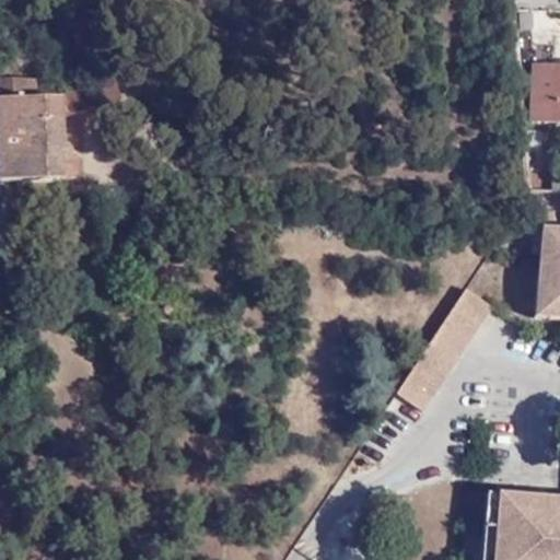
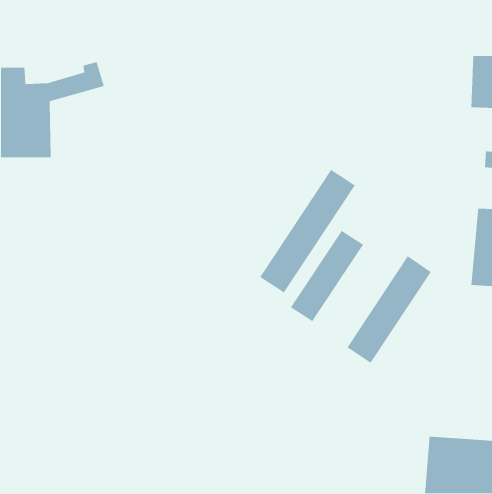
building: none -> [259,169,356,293]
building: none -> [290,230,364,322]

